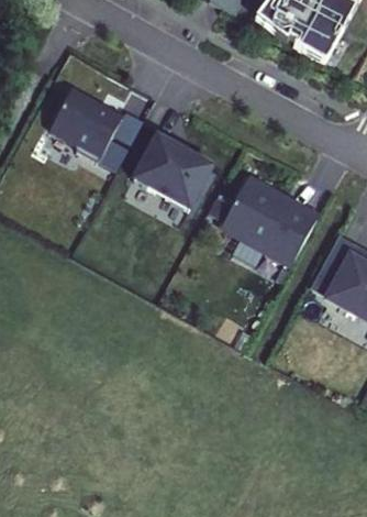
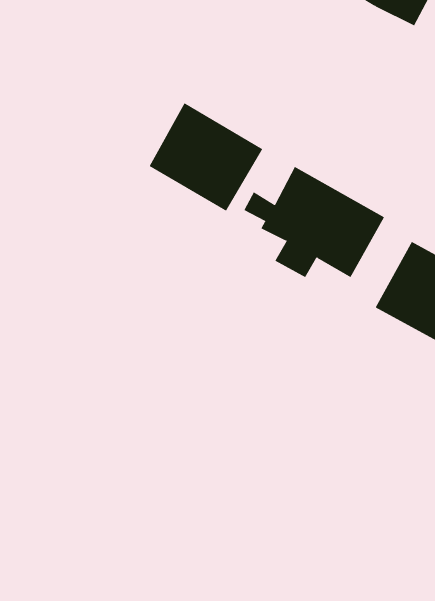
building: [46,92,129,167] -> none

